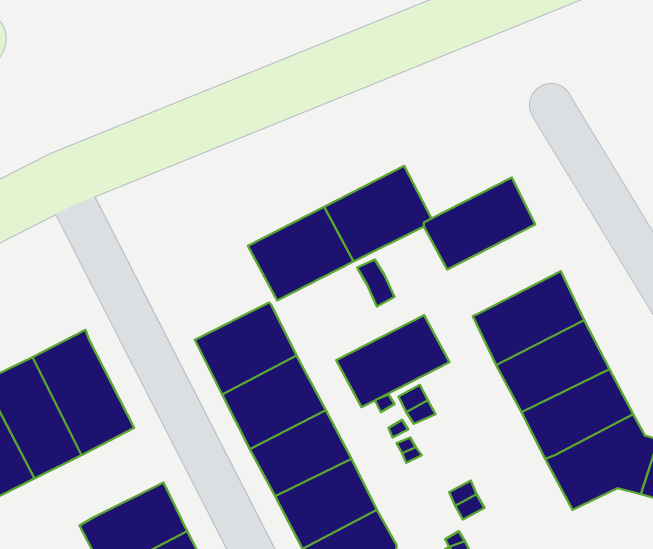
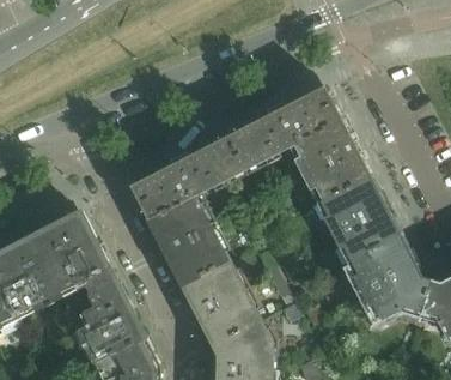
building: none -> [275,85,341,143]
building: none -> [130,159,197,217]
building: [336,315,450,407] -> [301,146,371,203]
building: none -> [79,271,128,326]

